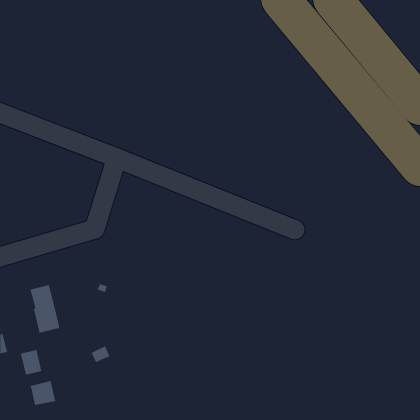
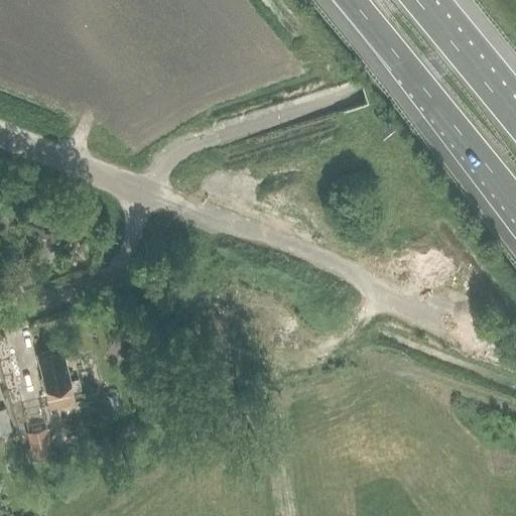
building: [30,380,56,406] -> none

